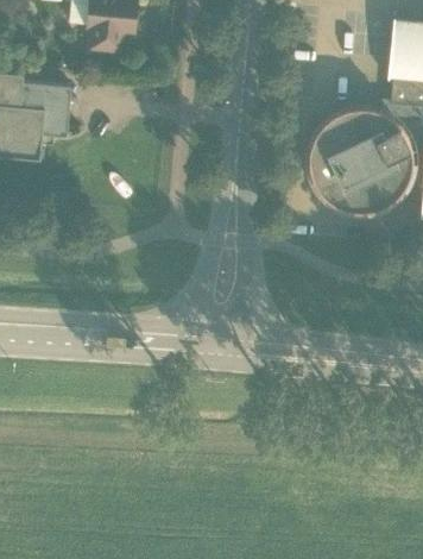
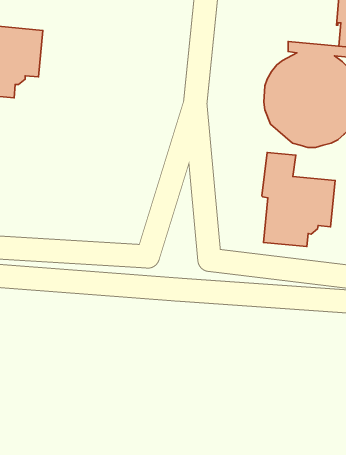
building: none -> [262,153,335,247]

